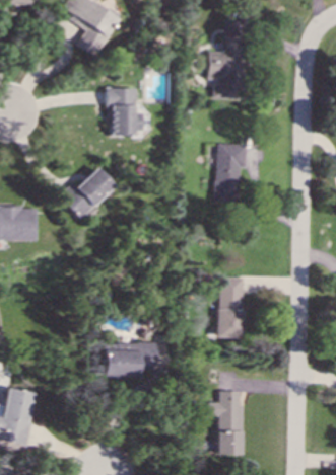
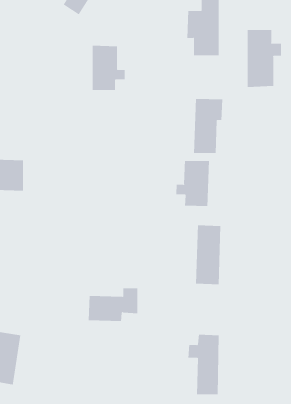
building: none -> [247,29,282,88]
building: [59,167,116,219] -> none
building: none -> [176,160,210,207]

